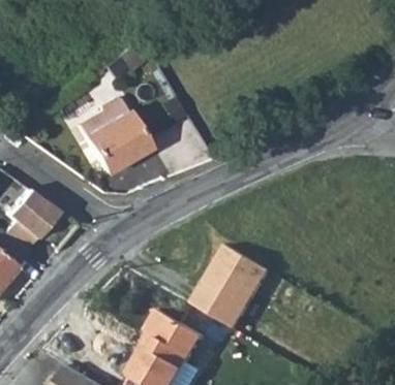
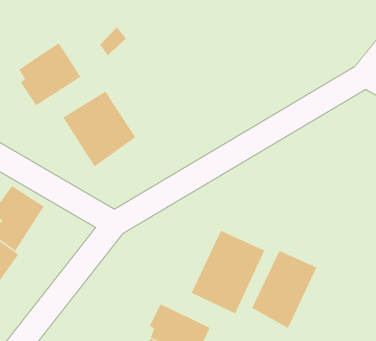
building: none -> [19,43,81,106]
building: none -> [252,250,317,329]

